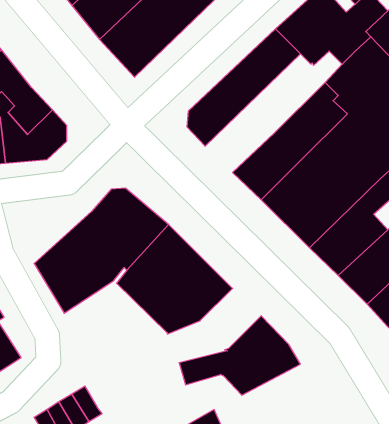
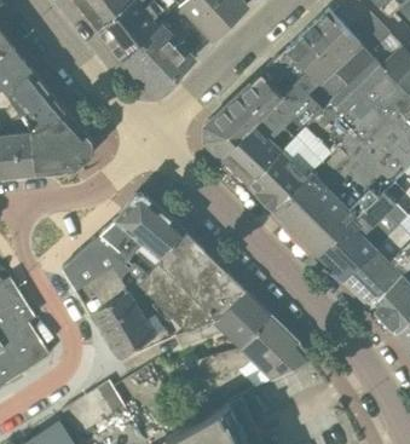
building: none -> [220,70,347,183]
building: none -> [89,288,156,358]
building: none -> [175,290,272,348]

